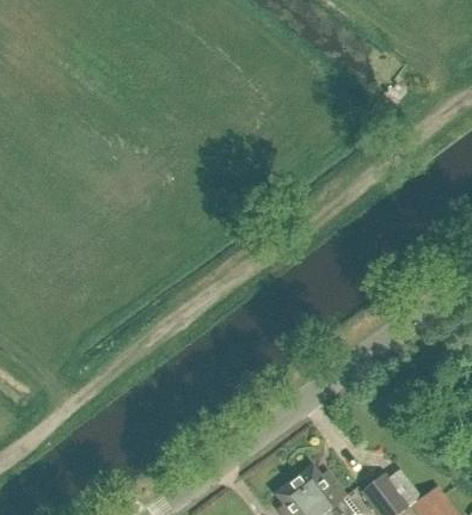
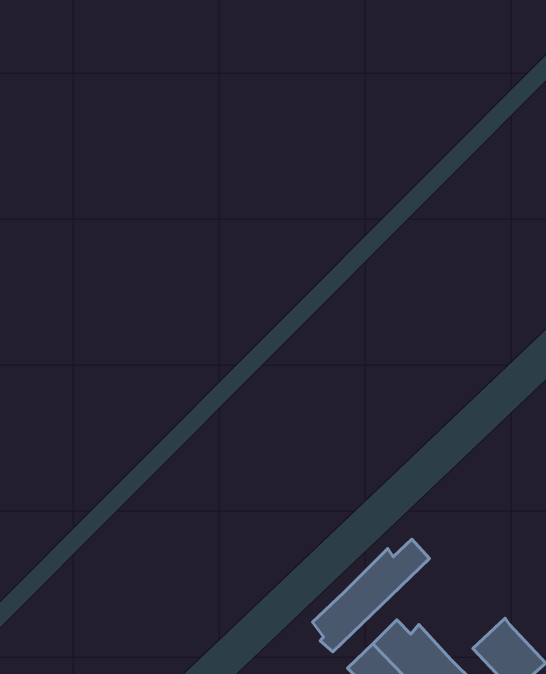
building: none -> [312,539,429,652]

